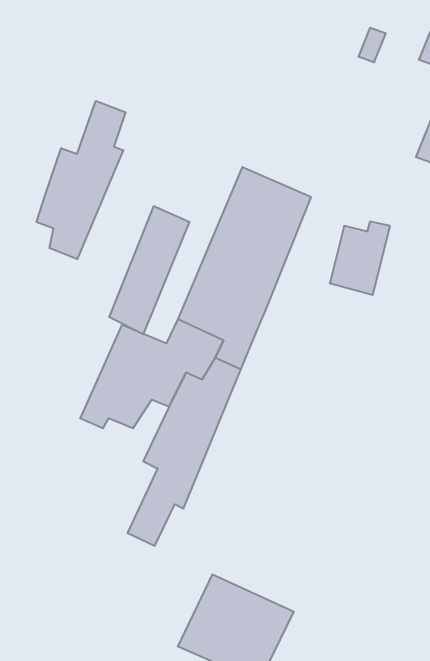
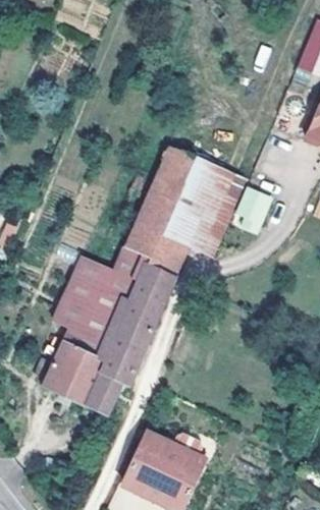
building: [37,101,125,259] -> none
building: [109,206,190,334] -> [191,167,248,258]
building: none -> [49,310,121,405]

